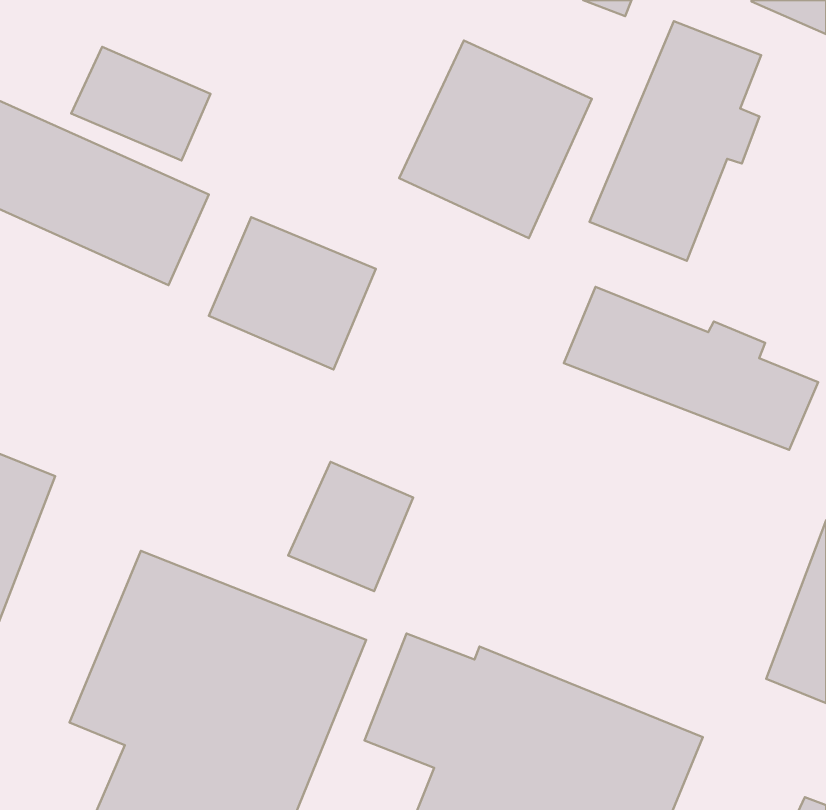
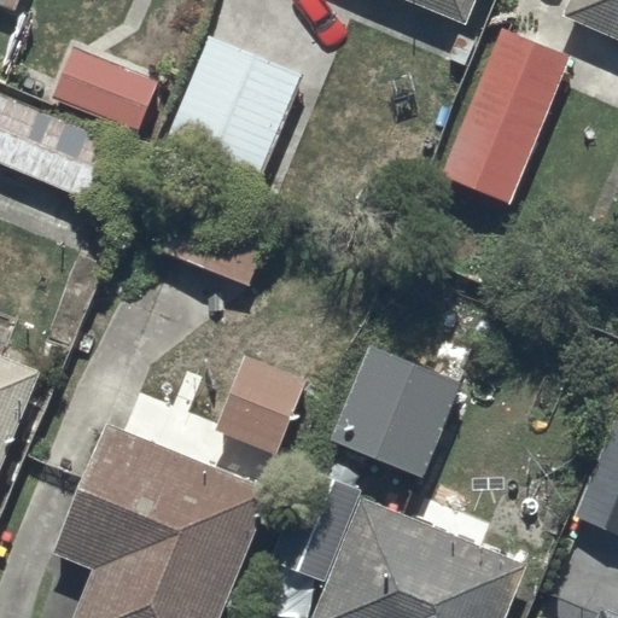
building: [399,41,592,238] -> [162,36,305,183]
building: [564,287,818,450] -> none
building: none -> [326,343,462,474]

